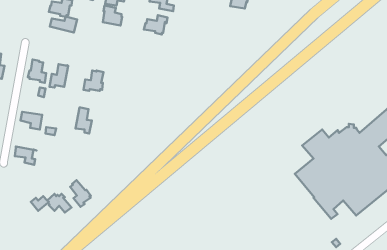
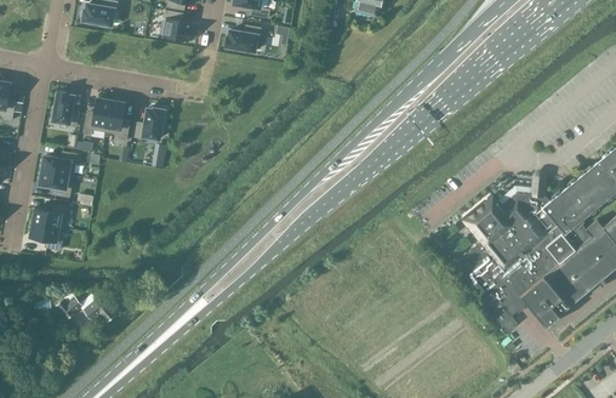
building: [50,17,77,32] -> none
building: none -> [42,153,78,176]
building: [76,108,92,133] -> [105,102,130,141]
building: none -> [32,205,68,229]
building: [70,180,91,207] -> none

